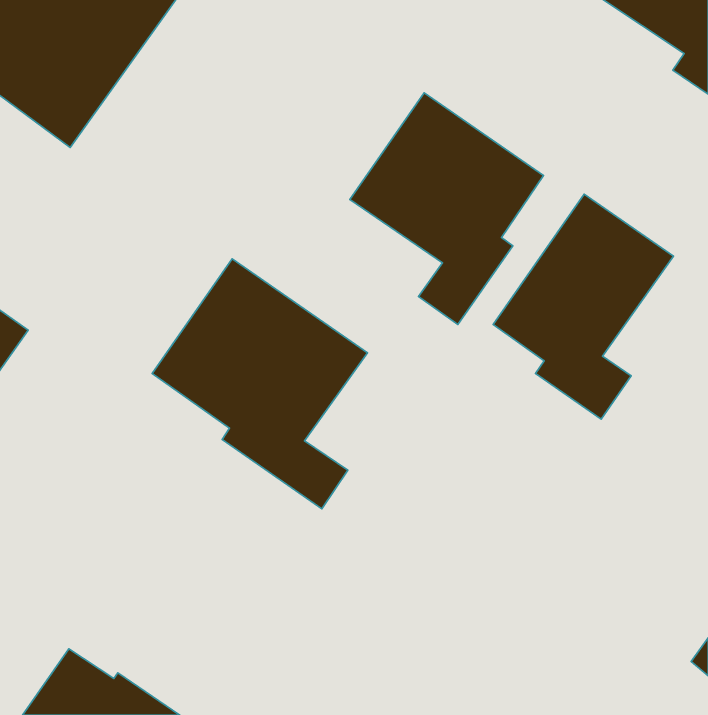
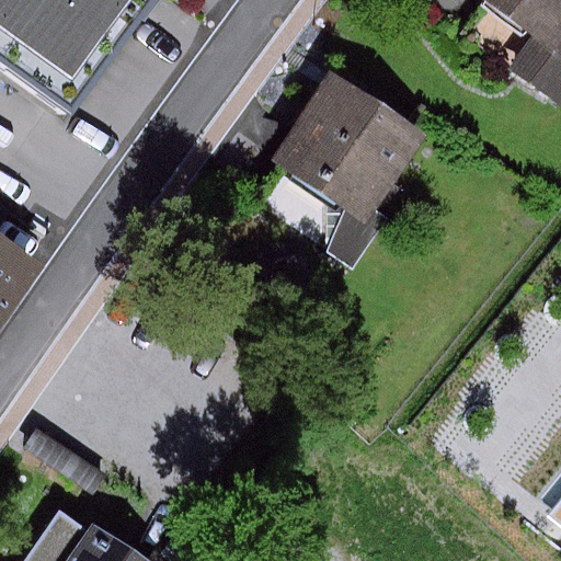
building: [493,194,673,419] -> none
building: [152,259,367,509] -> none

